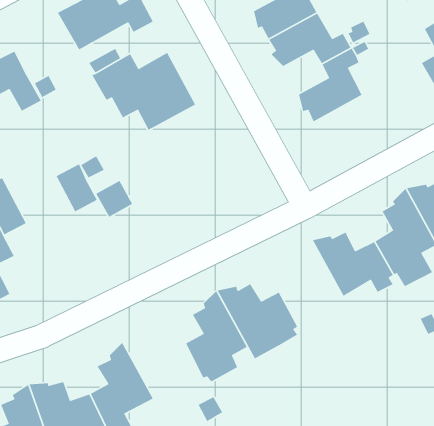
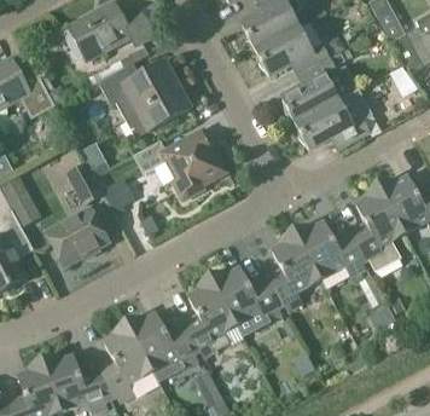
building: none -> [295,88,371,148]
building: none -> [134,133,221,198]
building: none -> [46,207,109,265]
building: none -> [265,227,321,310]
building: none -> [126,311,197,379]

